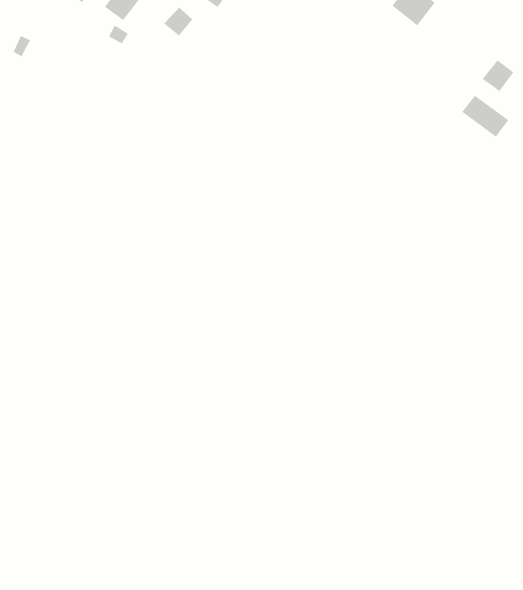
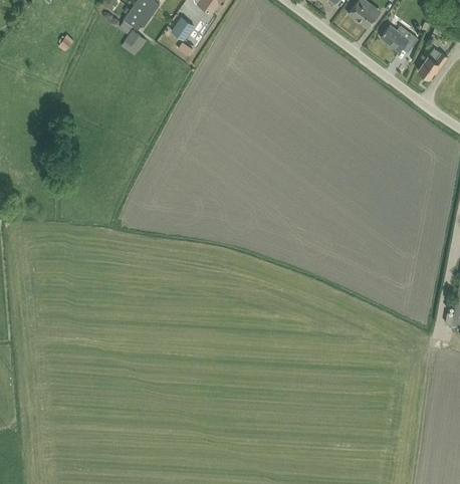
building: none -> [383,24,413,52]
building: [461,95,509,138] -> none

